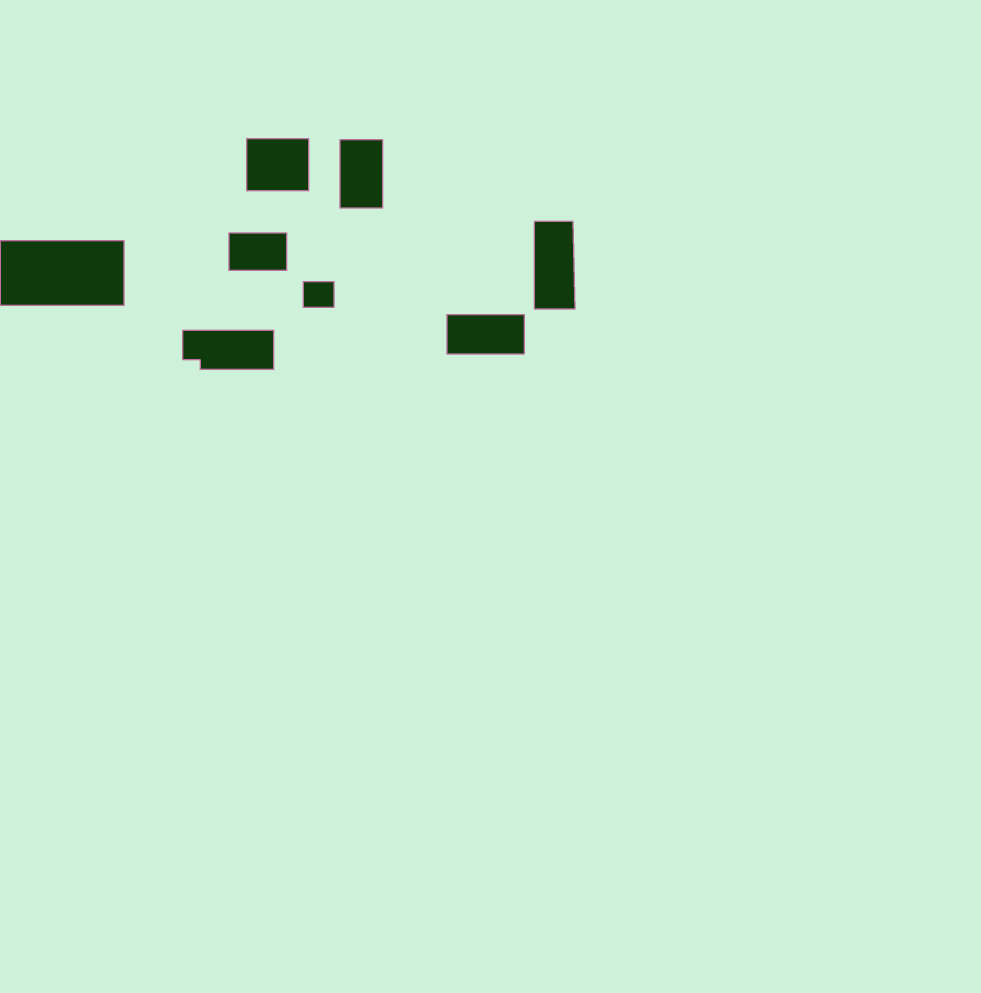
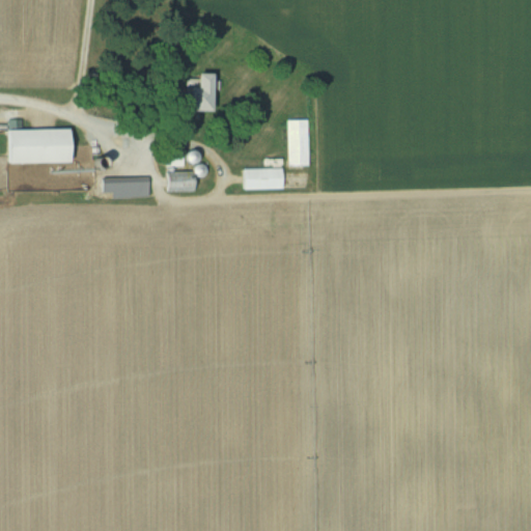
building: [247,138,308,191] -> none
building: [229,233,287,270] -> [166,170,197,190]

